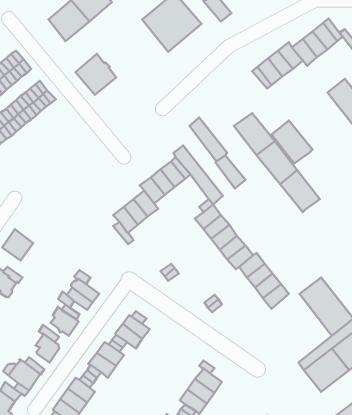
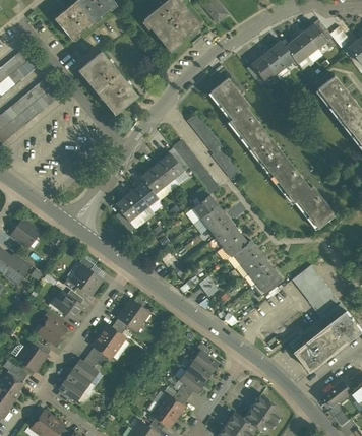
building: none -> [98,75,136,114]
building: [272,121,312,164] -> [210,78,249,119]
building: none -> [296,188,335,229]

